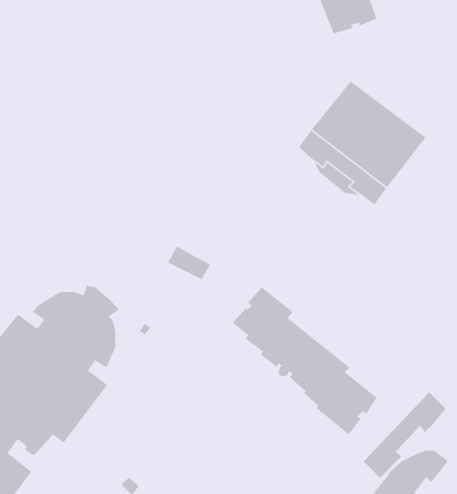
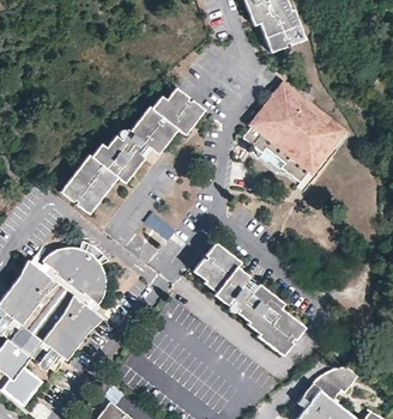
building: none -> [61,89,204,214]
building: [363,392,446,479] -> none

